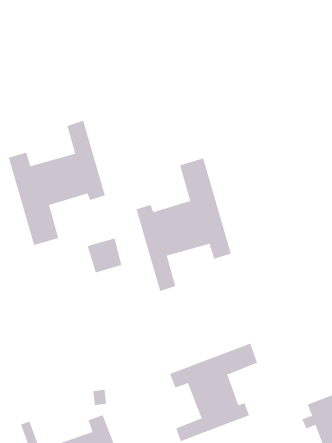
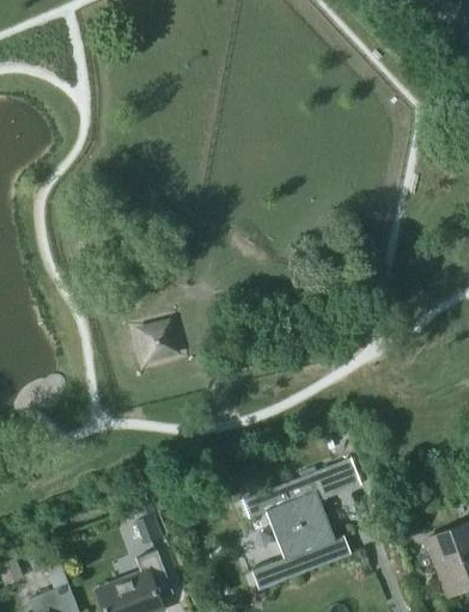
building: [8,120,105,246] -> none
building: [136,157,231,292] -> none

